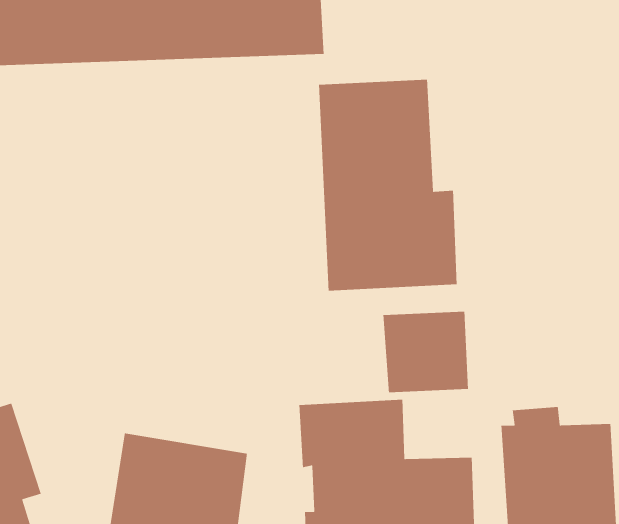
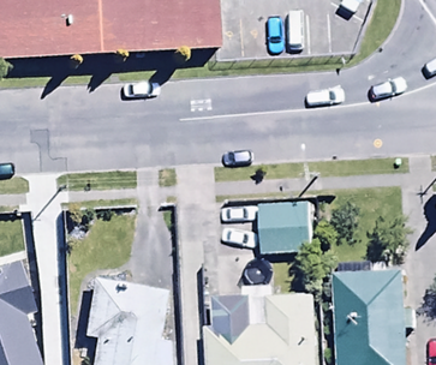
building: [318,79,458,292] -> none

